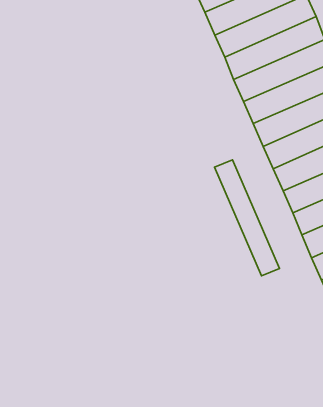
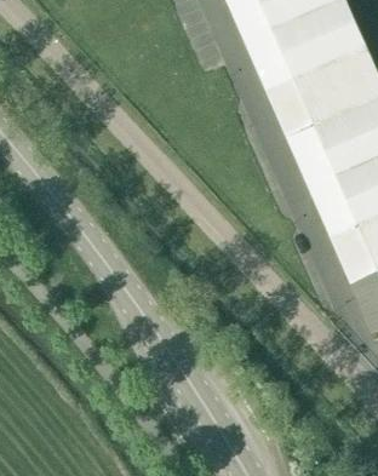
building: [215,160,279,276] -> none

